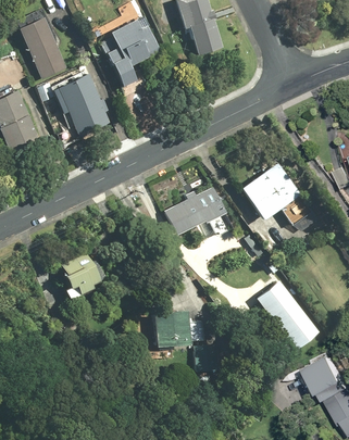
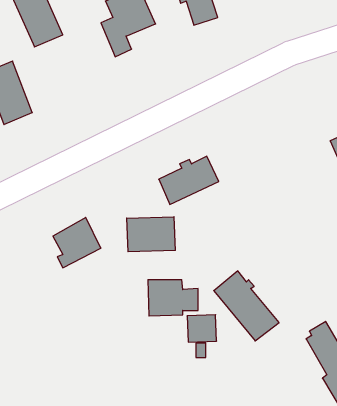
building: [53,75,107,138] -> none
building: [237,160,309,225] -> none
building: none -> [127,217,175,252]
building: [251,279,316,349] -> [214,271,279,341]

